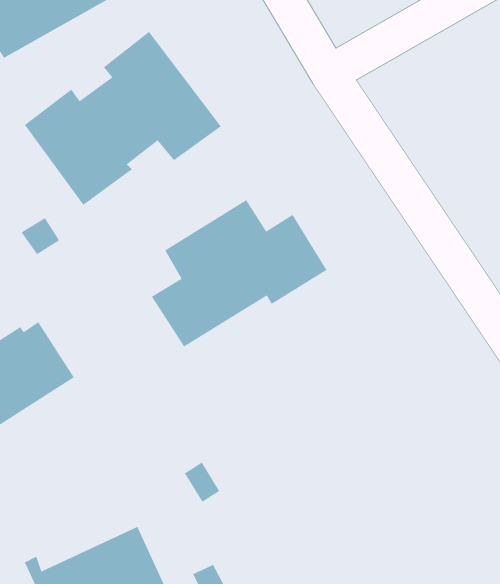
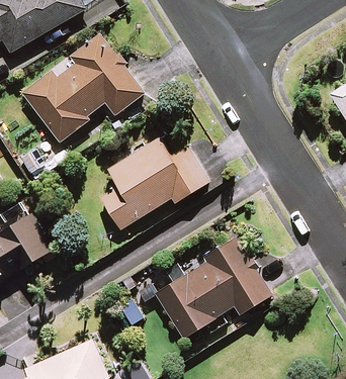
building: none -> [155,238,270,339]

